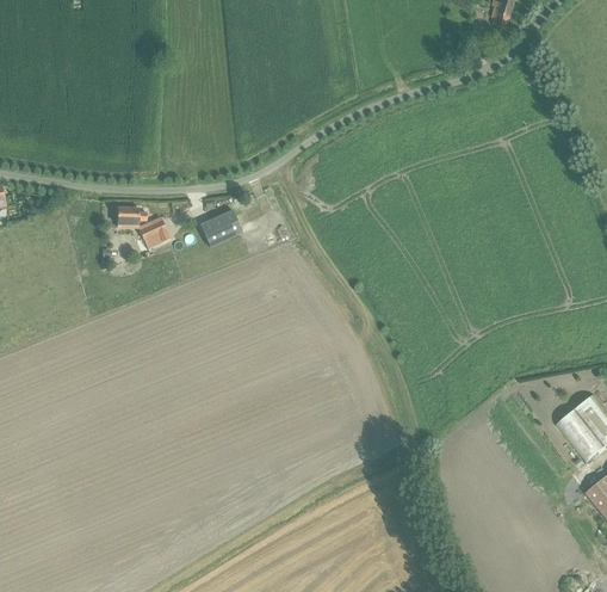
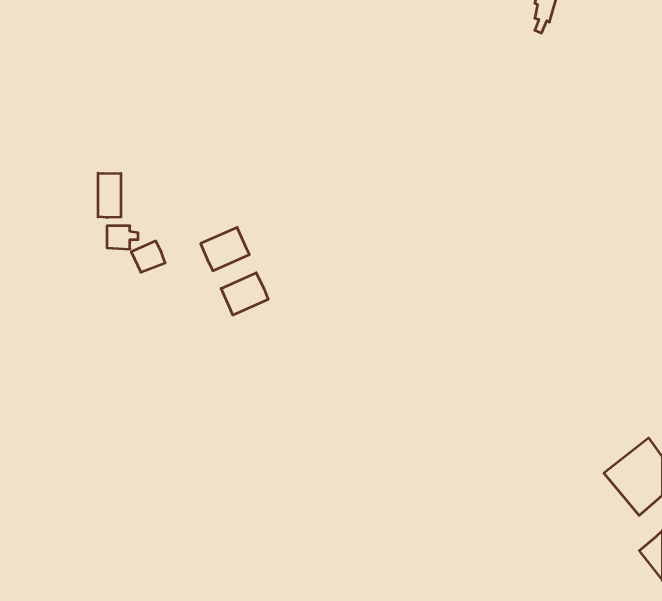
building: none -> [98,173,121,218]
building: none -> [221,273,268,315]

